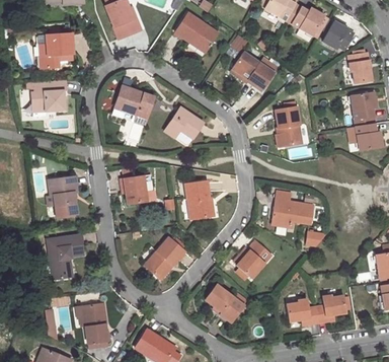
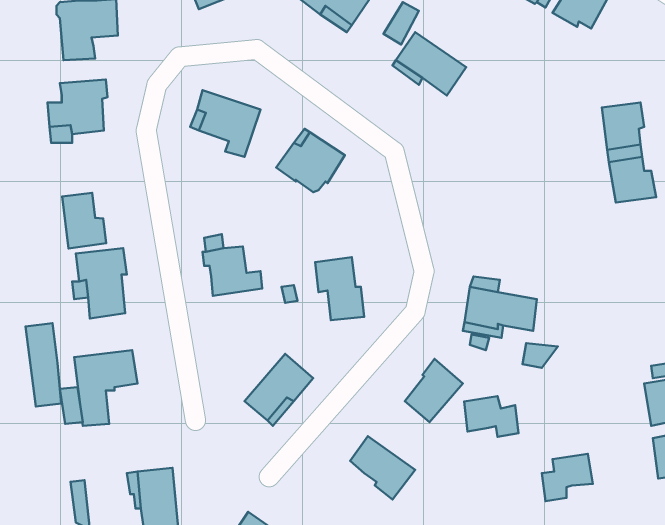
building: [348,53,372,82] -> none
building: [277,106,302,146] -> none
building: none -> [62,193,106,248]
building: none -> [26,323,61,406]
building: [288,301,319,324] -> [464,396,519,437]

